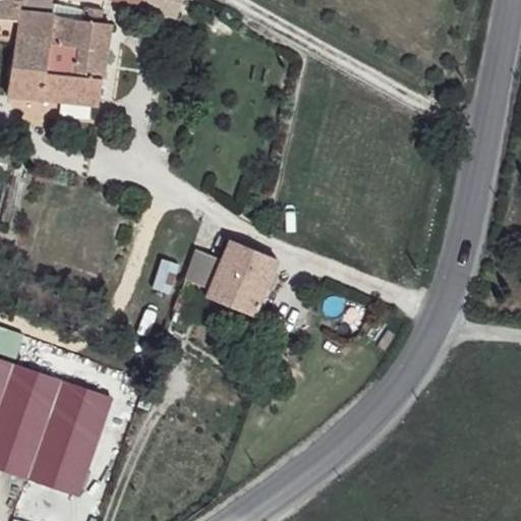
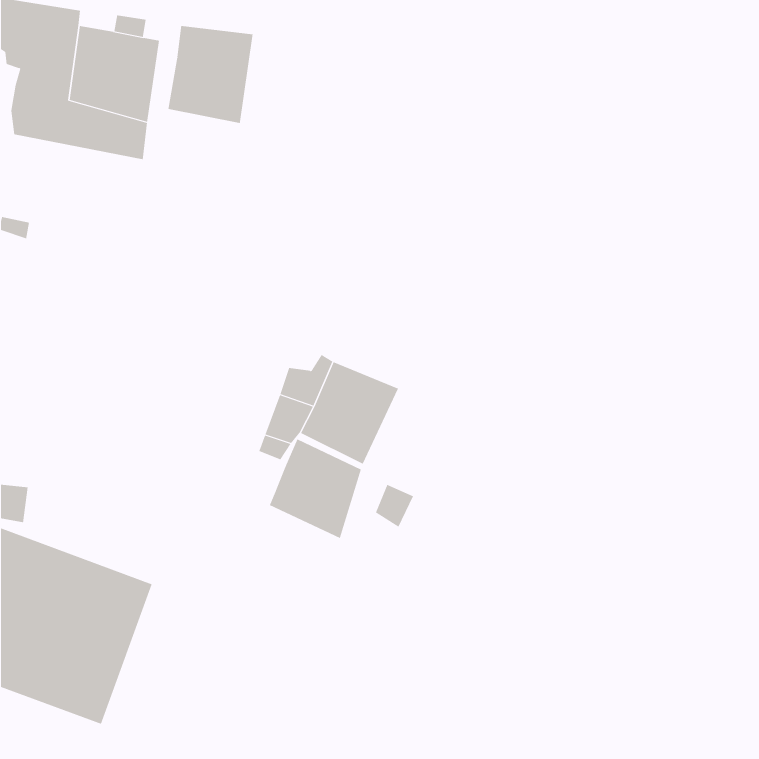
building: none -> [168,25,253,124]
building: none -> [269,438,362,539]

